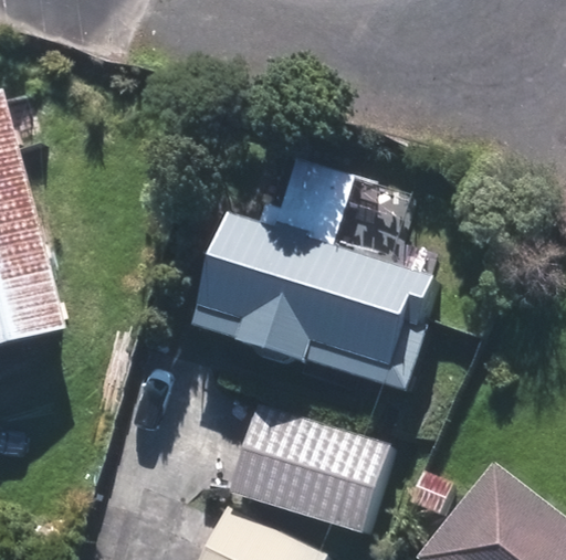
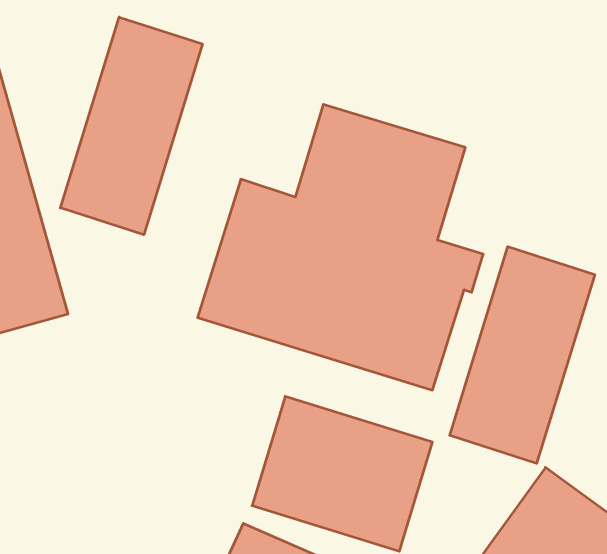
building: none -> [60,17,202,235]
building: none -> [450,247,595,463]

